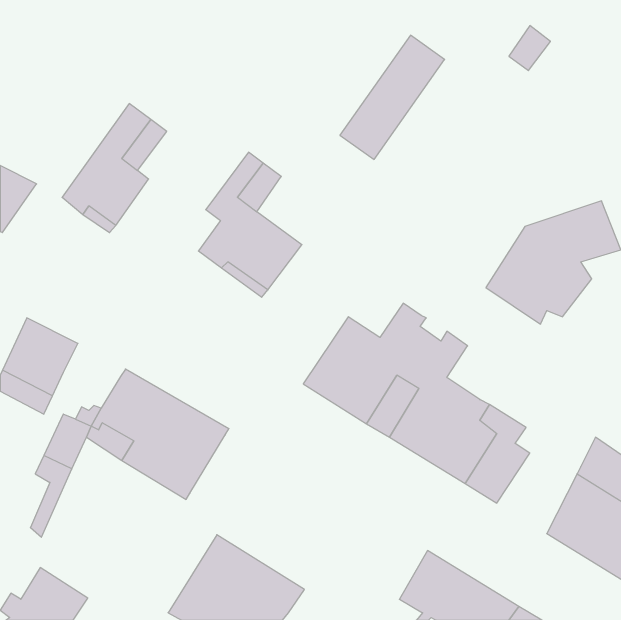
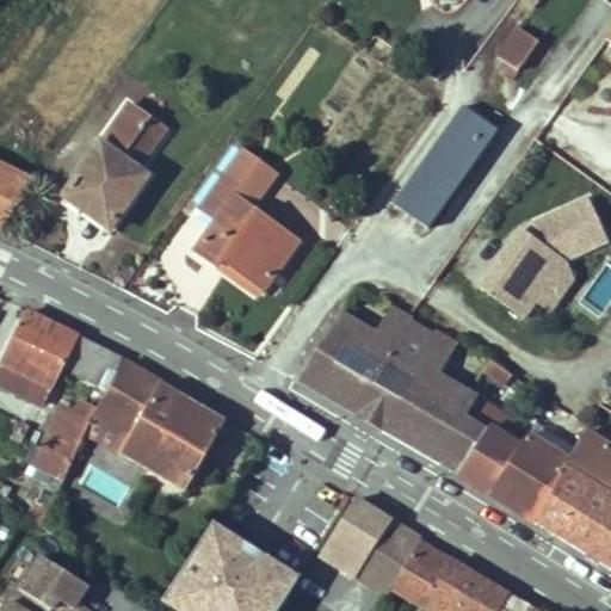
building: [340,35,445,159] -> [395,104,498,226]
building: none -> [63,337,124,382]
building: none -> [488,431,570,523]
building: none -> [321,496,421,594]

